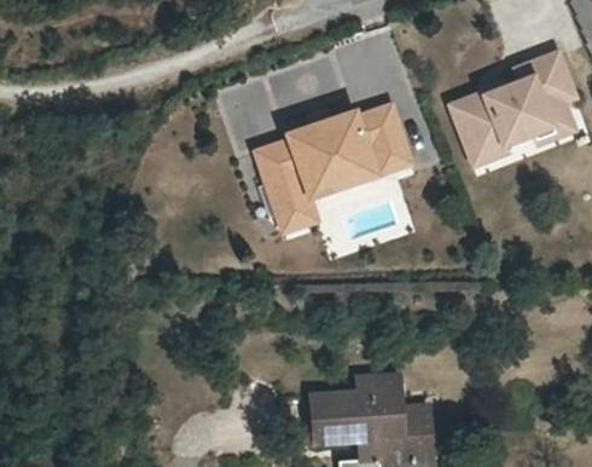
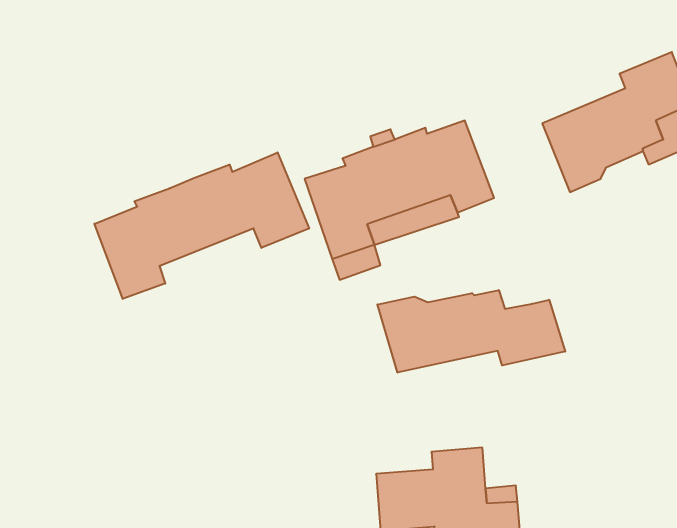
building: none -> [94,152,309,299]
building: none -> [377,290,565,373]

